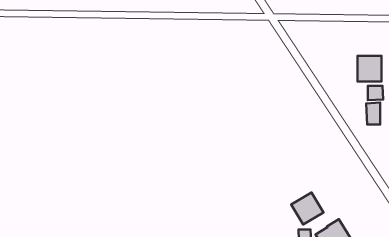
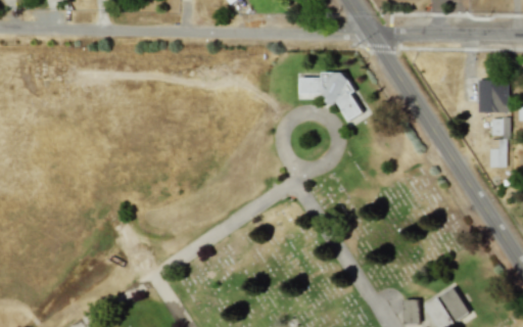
building: none -> [301,73,354,116]
building: [291,192,323,225] -> none

